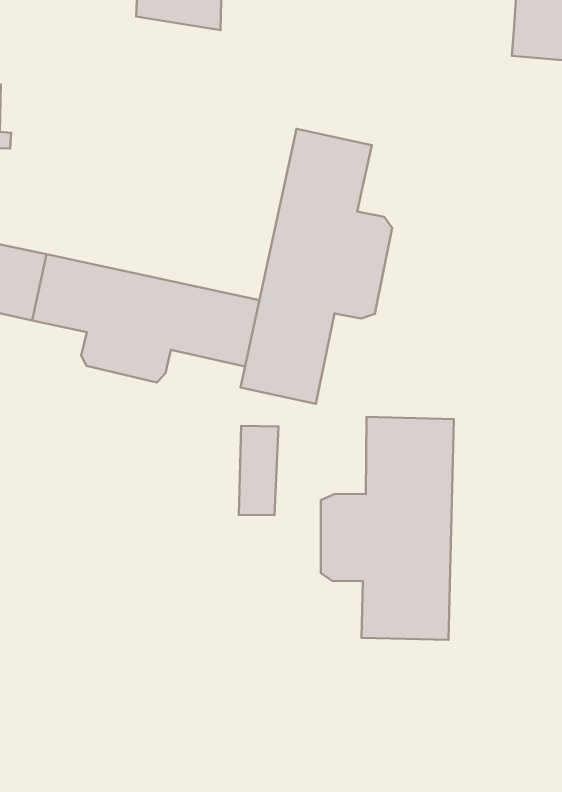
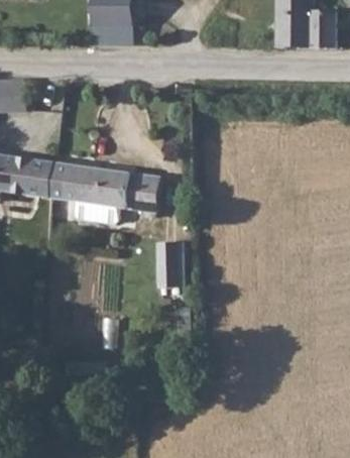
building: [241,129,392,404] -> none
building: [321,417,454,640] -> none

